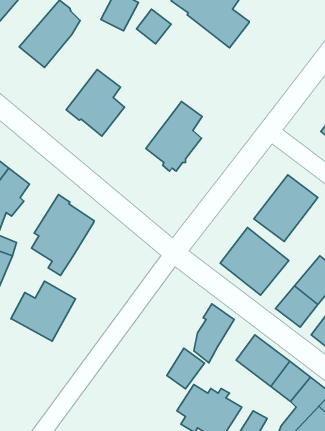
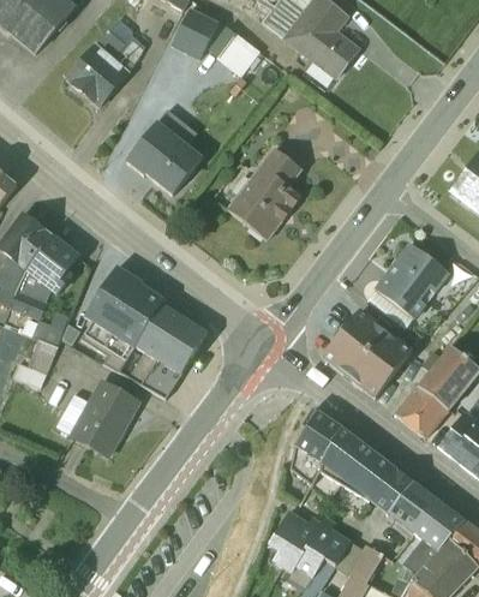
building: none -> [127,304,206,398]
building: [167,348,204,389] -> [319,428,367,479]

